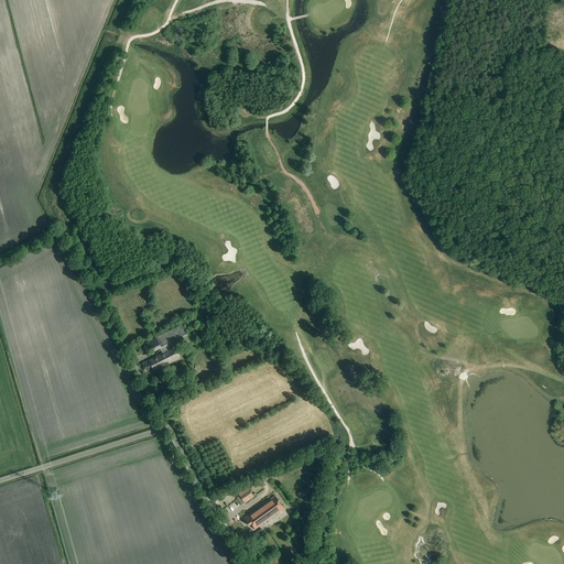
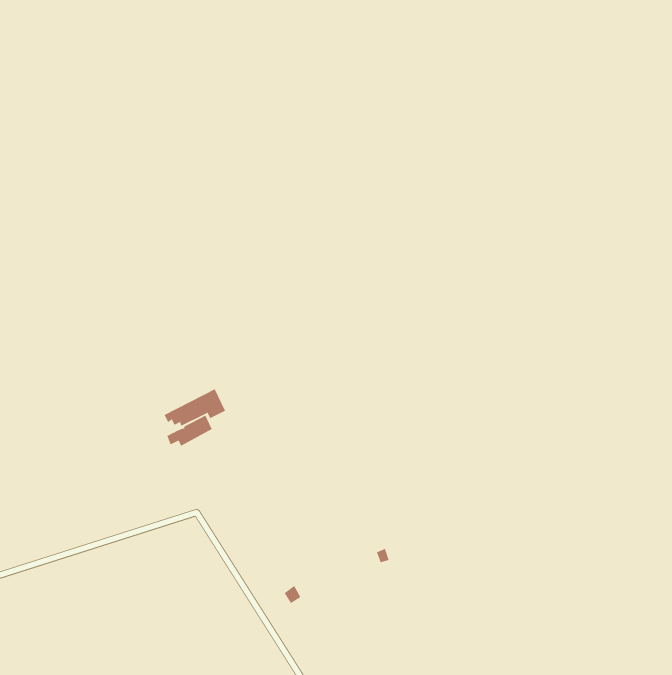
building: [241,496,282,530] -> none

